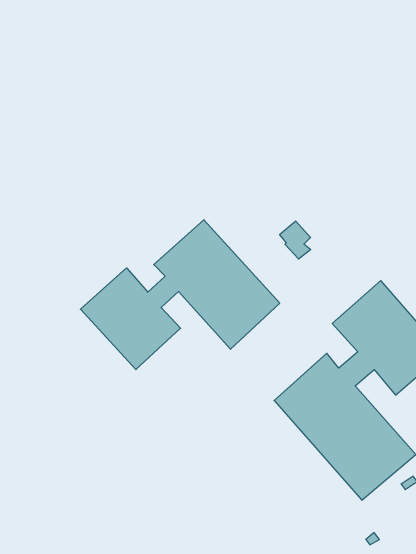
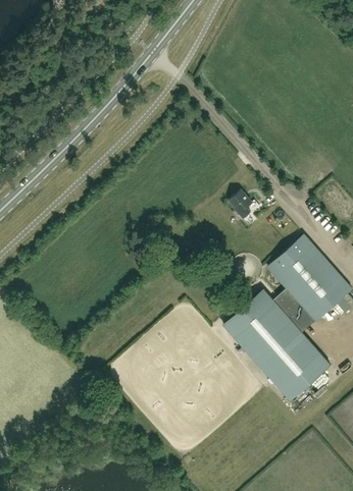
building: [80,220,280,370] -> none

